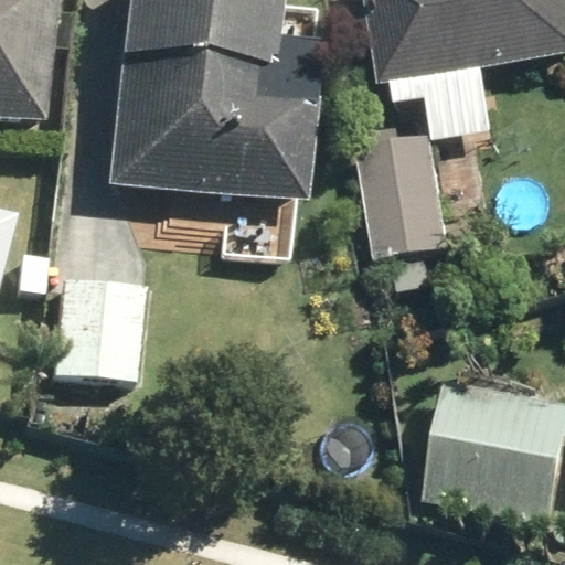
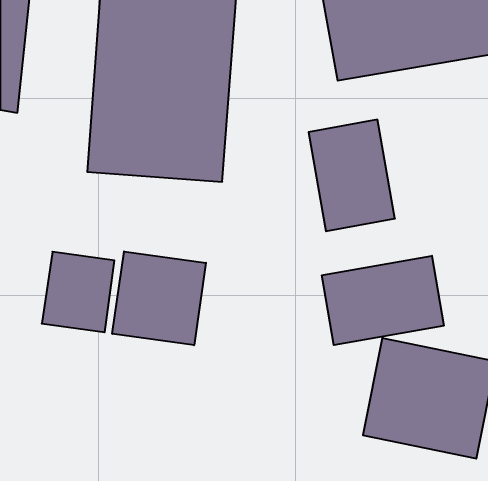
building: none -> [112,251,206,345]
building: none -> [322,256,444,345]

